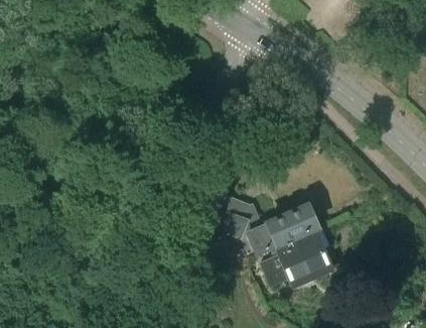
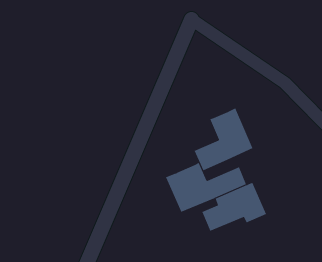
building: none -> [194,108,253,171]

